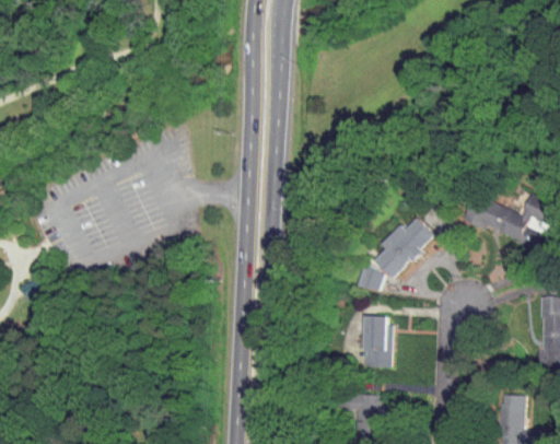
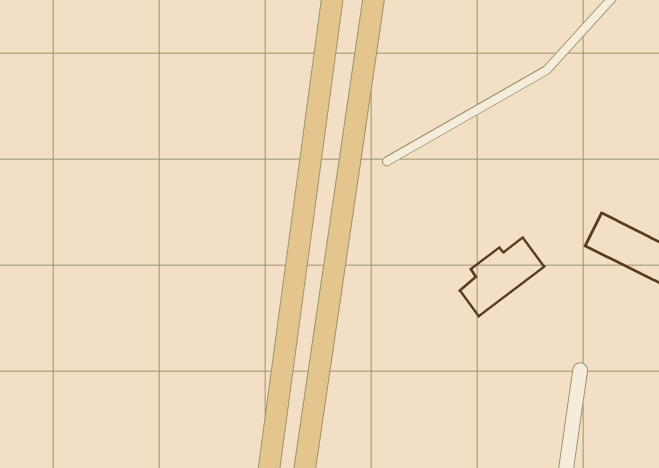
building: [358,266,383,292] -> none
building: [363,316,392,367] -> none

